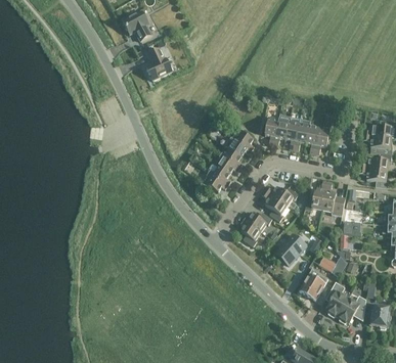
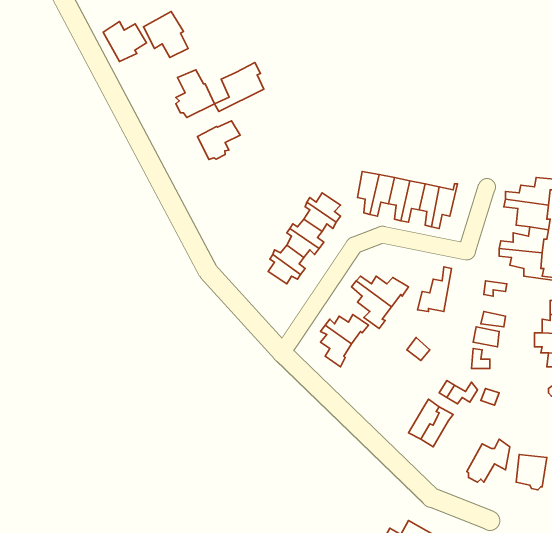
building: none -> [103,22,147,62]
building: none -> [214,62,264,112]
building: none -> [197,121,240,160]
building: [322,180,346,215] -> none
building: [275,233,306,264] -> none
building: [326,280,348,316] -> none

